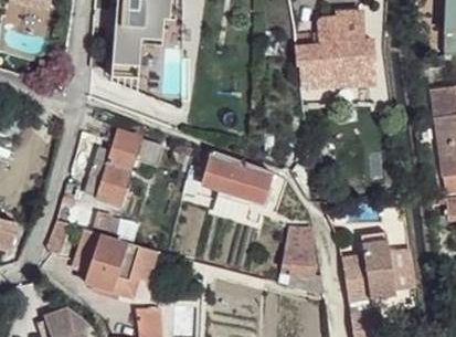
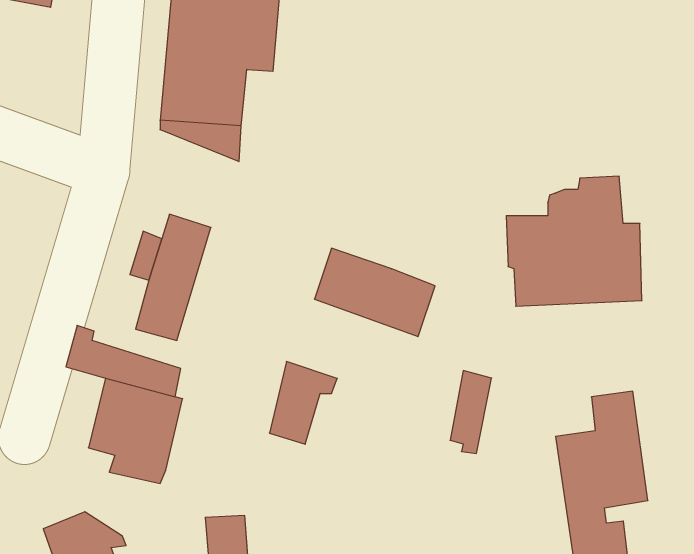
building: [295,11,374,87] -> [506,176,642,306]
building: [114,239,153,287] -> [269,361,337,444]

